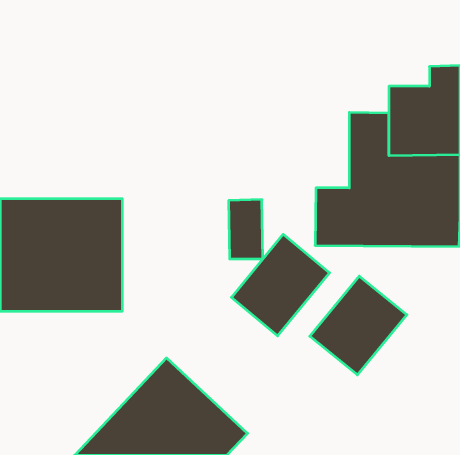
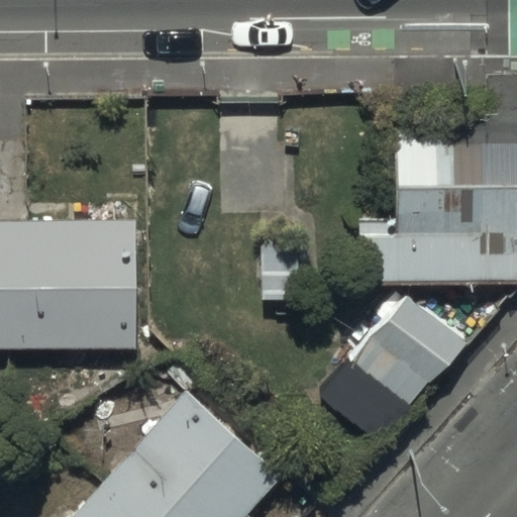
building: [231,234,330,336] -> none

